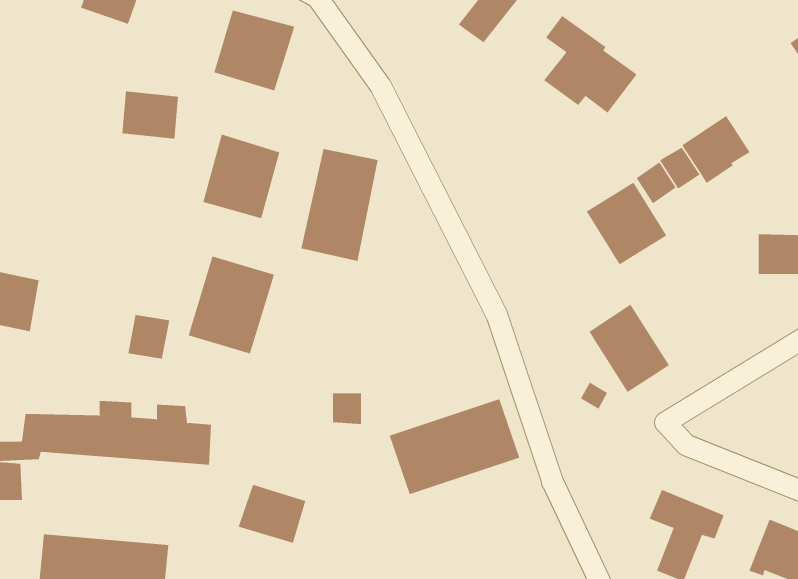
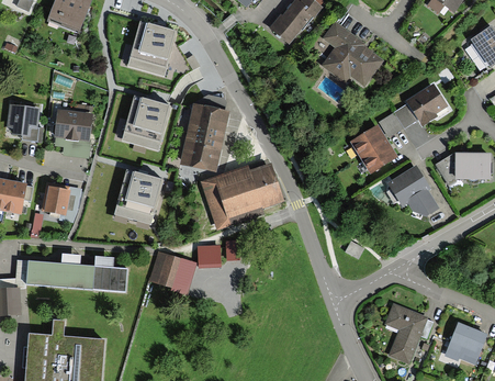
building: [122,91,179,139] -> [58,111,92,139]
building: none -> [8,105,38,138]
building: [588,304,670,393] -> [391,167,439,220]
building: [127,315,170,359] -> [44,186,69,212]
building: [389,399,520,495] -> [204,163,282,220]
building: [238,484,306,543] -> [150,255,191,290]

